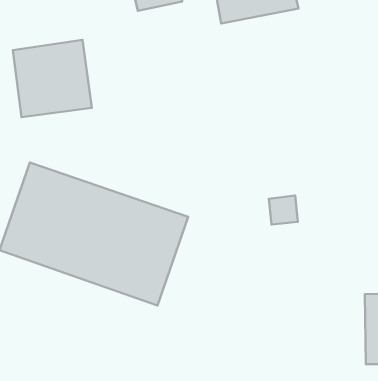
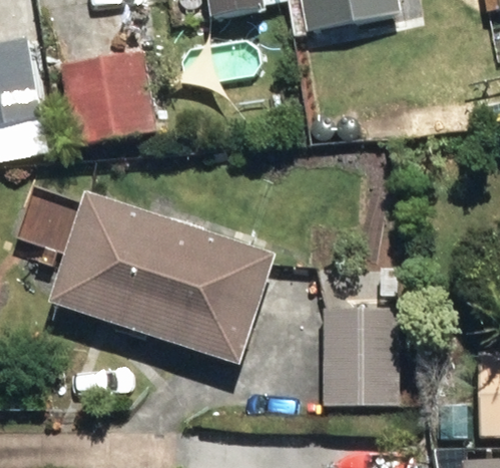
building: none -> [324,308,402,406]

